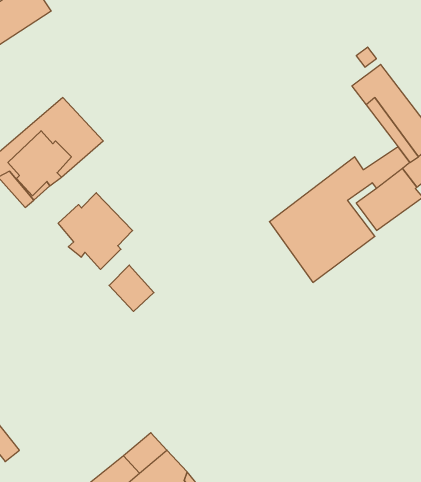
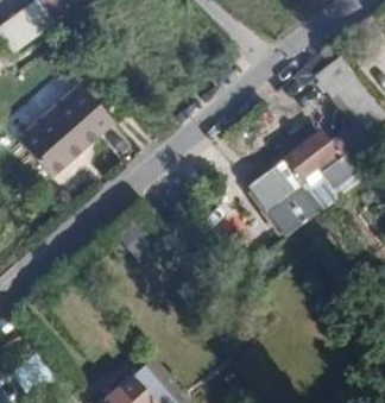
building: [58,193,133,269] -> none

